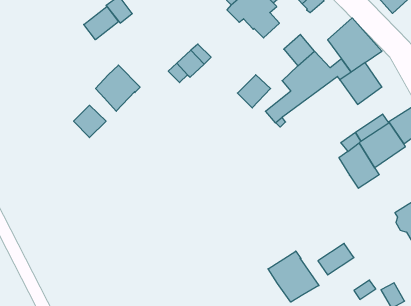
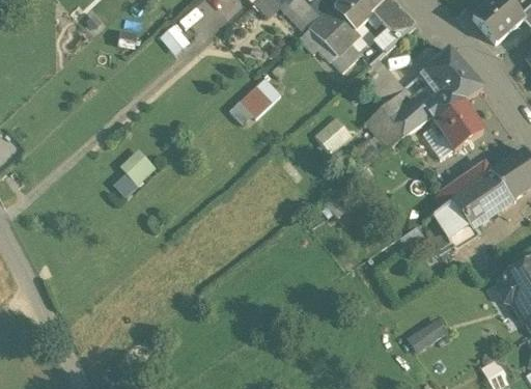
building: [84,6,118,40] -> none
building: [96,65,140,111] -> none
building: [268,251,319,302] -> none

